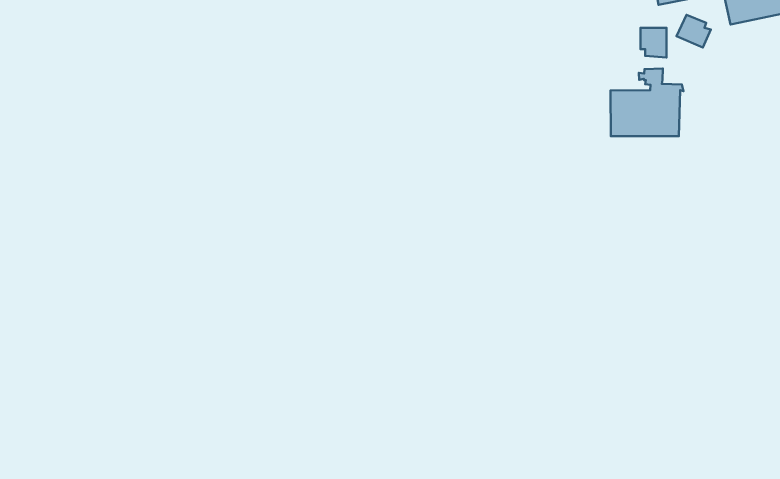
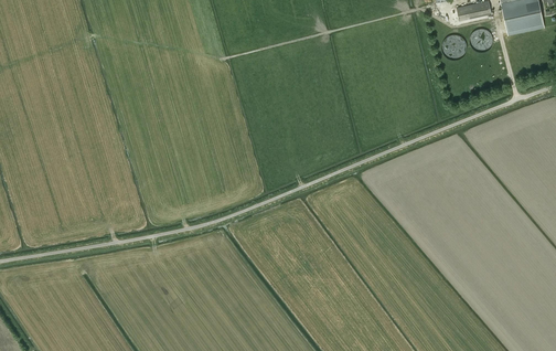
building: [610,69,684,136] -> none

